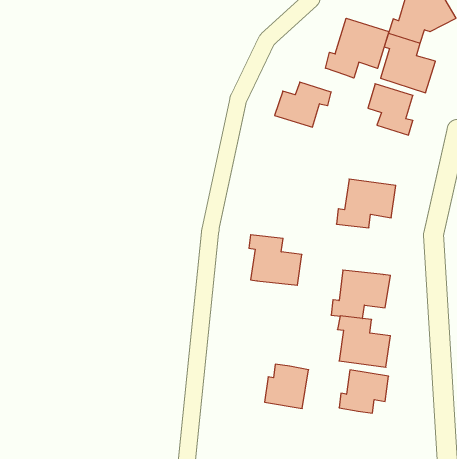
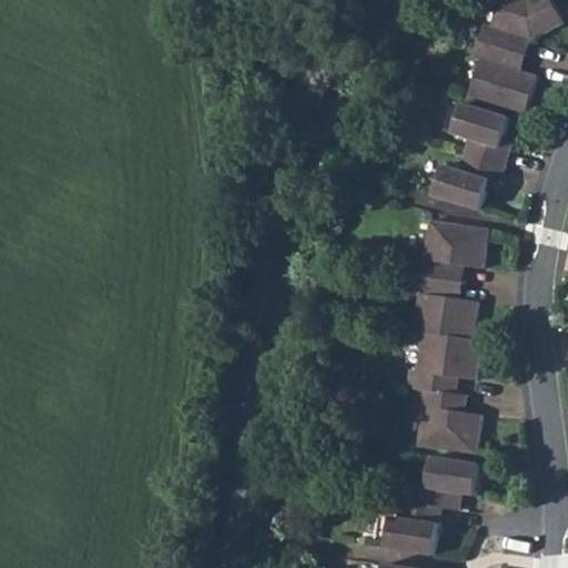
building: [325,18,389,78] -> none
building: [275,82,331,127] -> [434,154,504,210]
building: [249,235,302,285] -> [413,276,478,338]
building: [265,364,309,408] -> [387,500,442,555]

